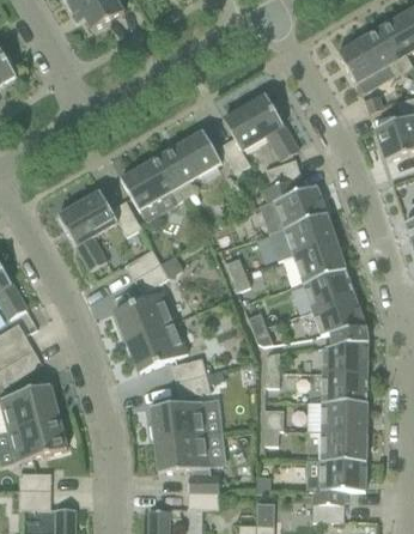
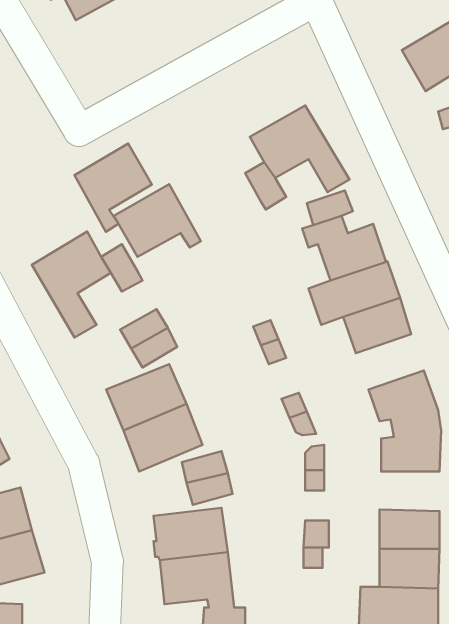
building: [162,131,220,198] -> [74,143,152,232]
building: [303,268,354,310] -> none
building: [321,372,366,402] -> none

